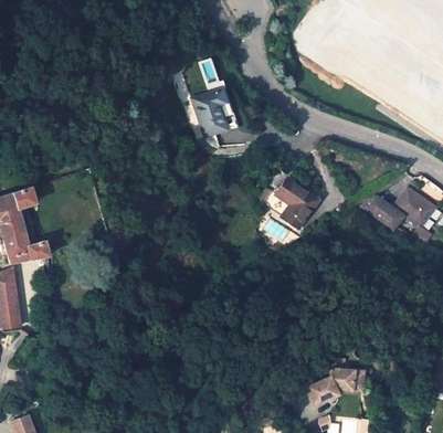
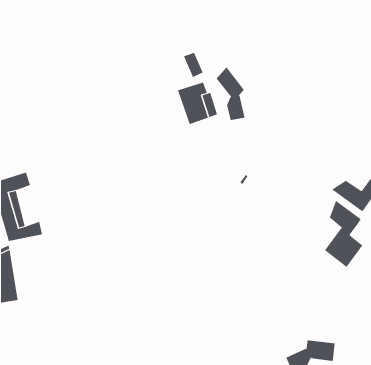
building: none -> [216,67,245,121]
building: [276,178,318,229] -> none
building: none -> [324,200,363,268]

